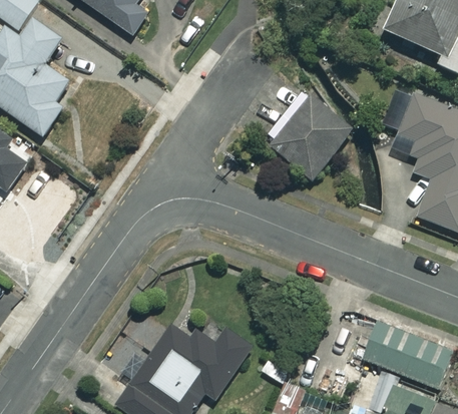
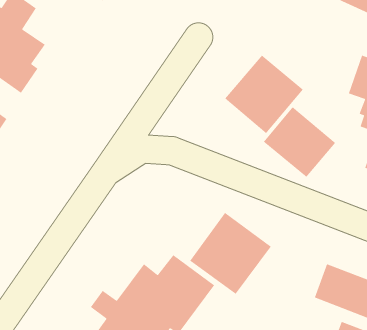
building: none -> [263,106,336,178]
building: none -> [189,212,272,295]

